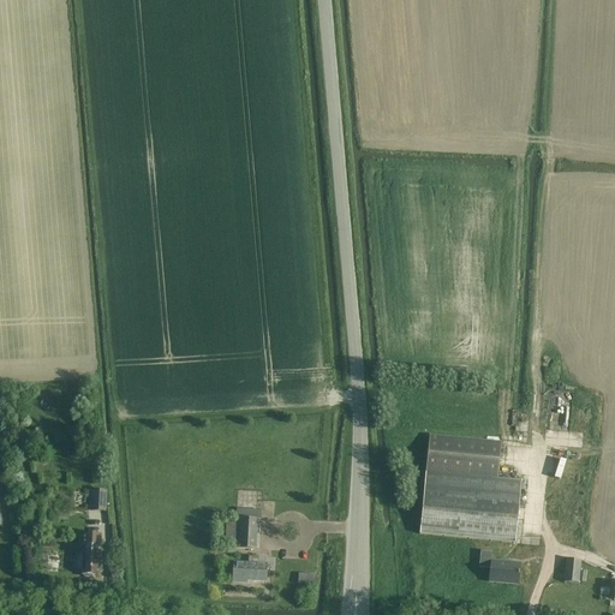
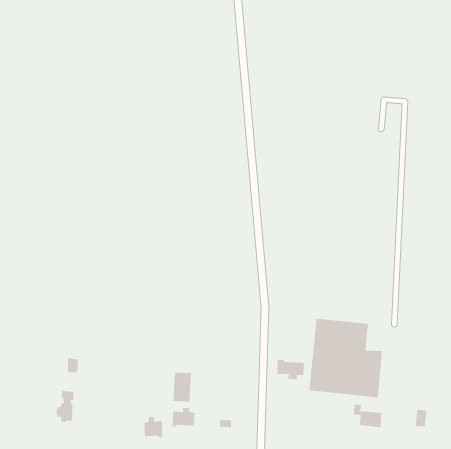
building: none -> [277,359,304,380]
building: none -> [144,416,163,438]

